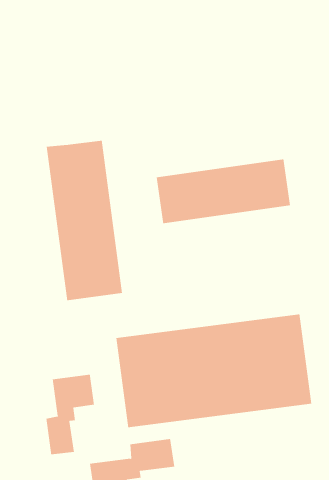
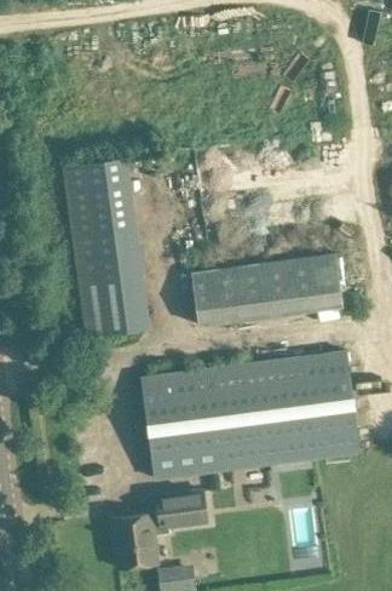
building: [156,159,291,224] -> [191,254,341,327]
building: [46,374,95,455] -> none

